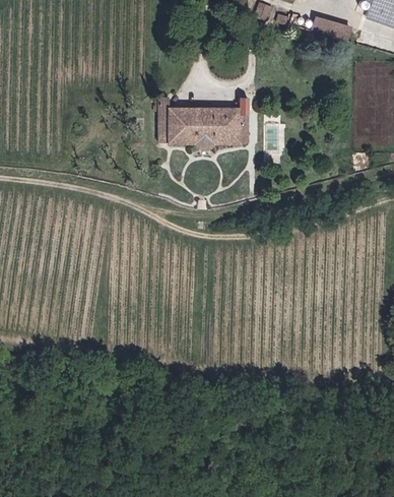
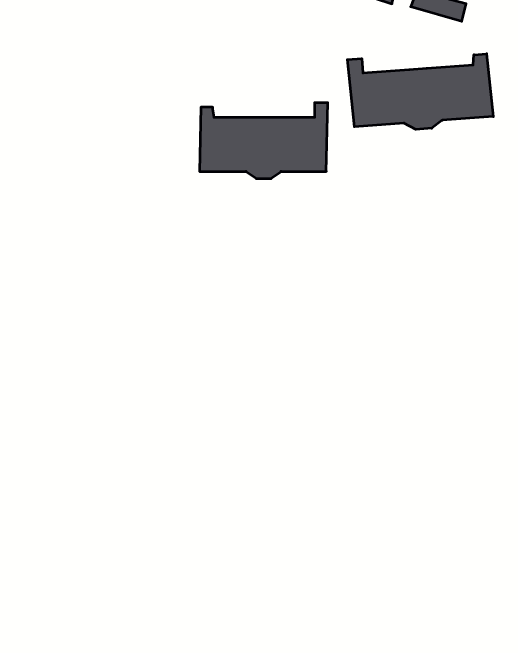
building: none -> [347,54,493,129]

